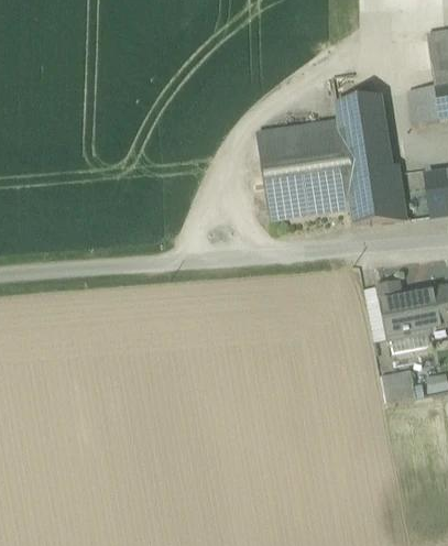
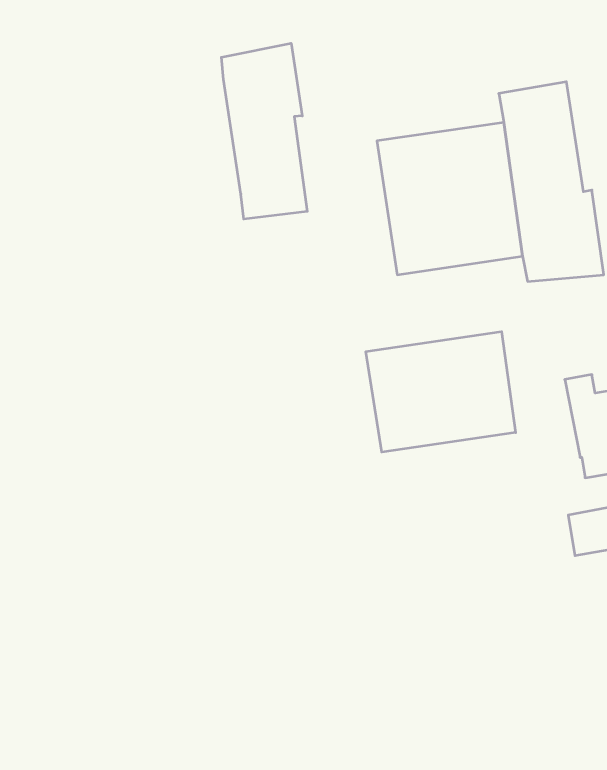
building: none -> [221,43,307,219]
building: none -> [366,332,516,452]

